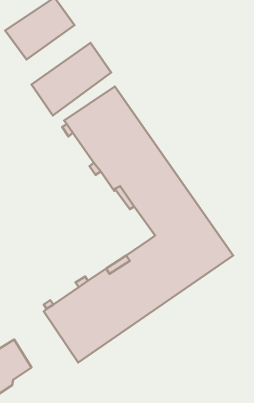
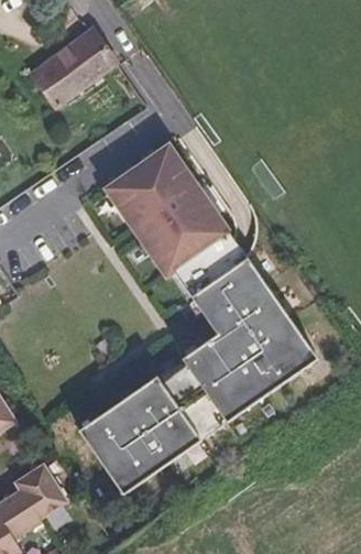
building: [32,43,111,115] -> none

